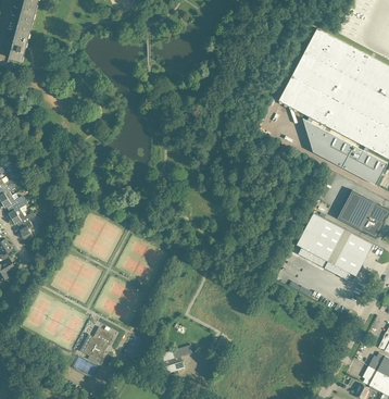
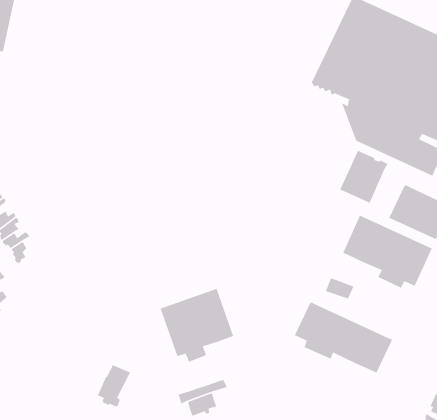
building: none -> [339,150,389,204]
building: none -> [160,288,234,363]
building: none -> [294,301,393,374]

